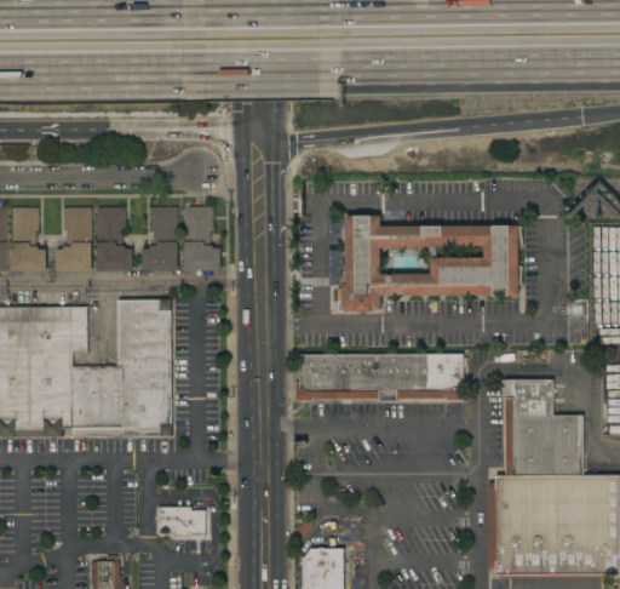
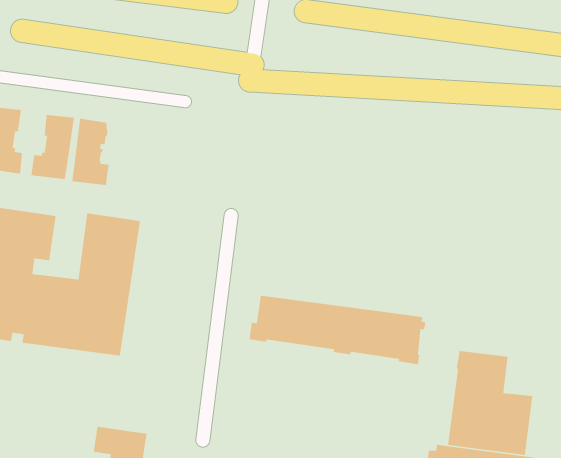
building: [142,207,177,271] -> none
building: [184,207,220,271] -> none
building: [337,216,519,311] -> none

